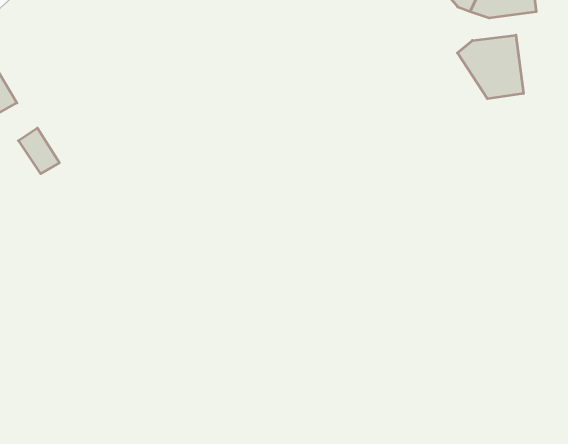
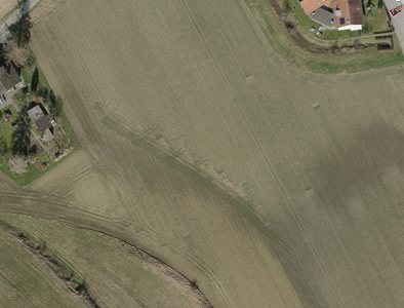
building: [457,35,523,99] -> none

